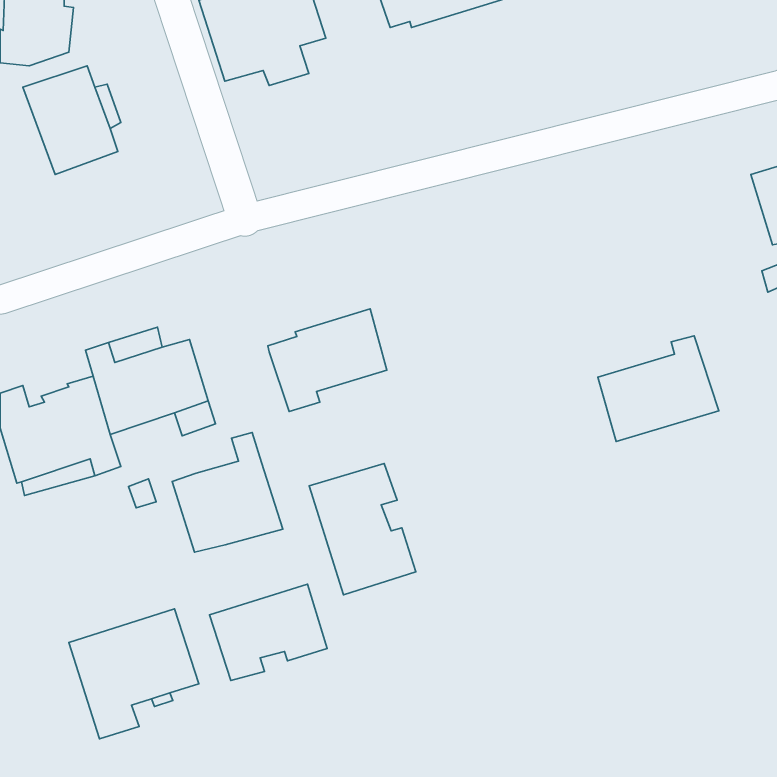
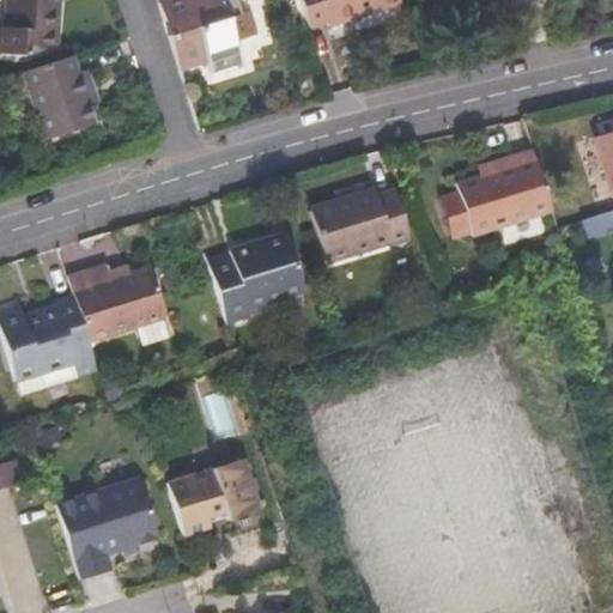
building: none -> [312,189,409,257]
building: [598,336,719,441] -> [459,148,553,231]
building: [172,433,283,552] -> none
building: [309,464,416,595] -> none

